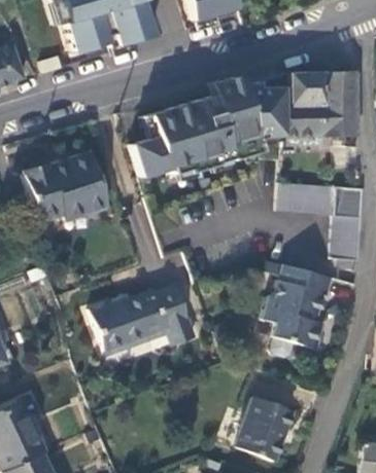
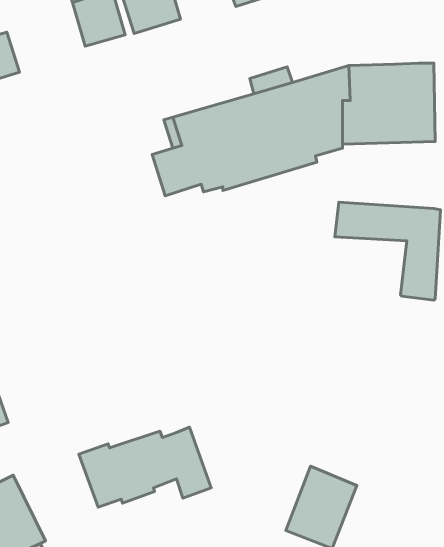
building: [24,150,107,220] -> none
building: [259,261,331,348] -> none
building: [90,285,196,349] -> [79,427,211,507]

